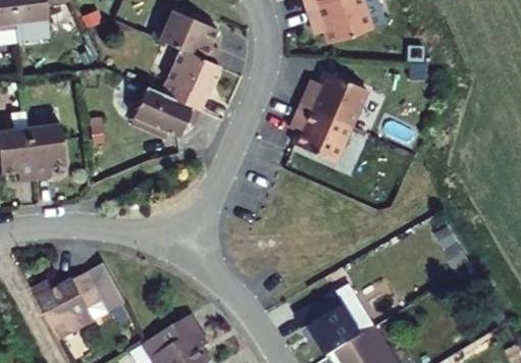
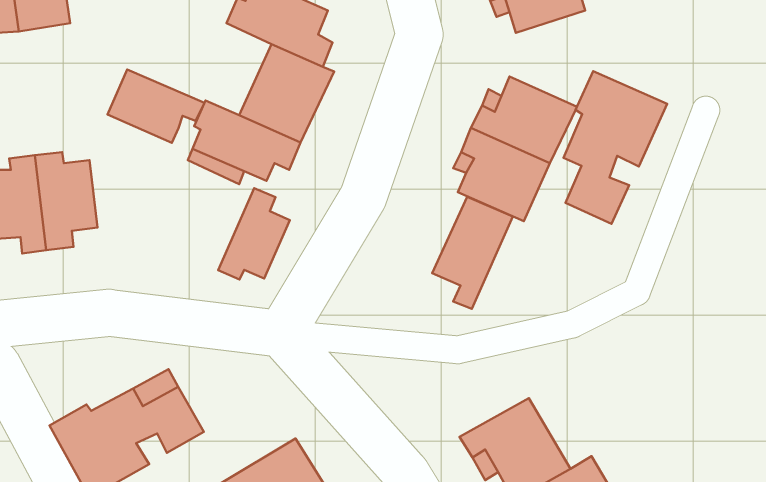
building: none -> [108,69,204,143]
building: none -> [564,71,667,224]
building: none -> [218,188,290,279]
building: none -> [432,197,513,309]

